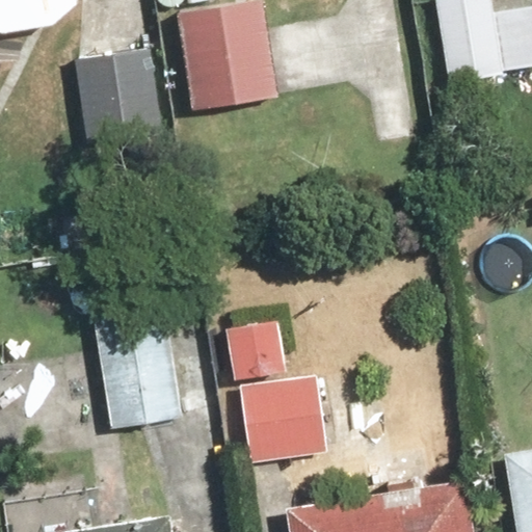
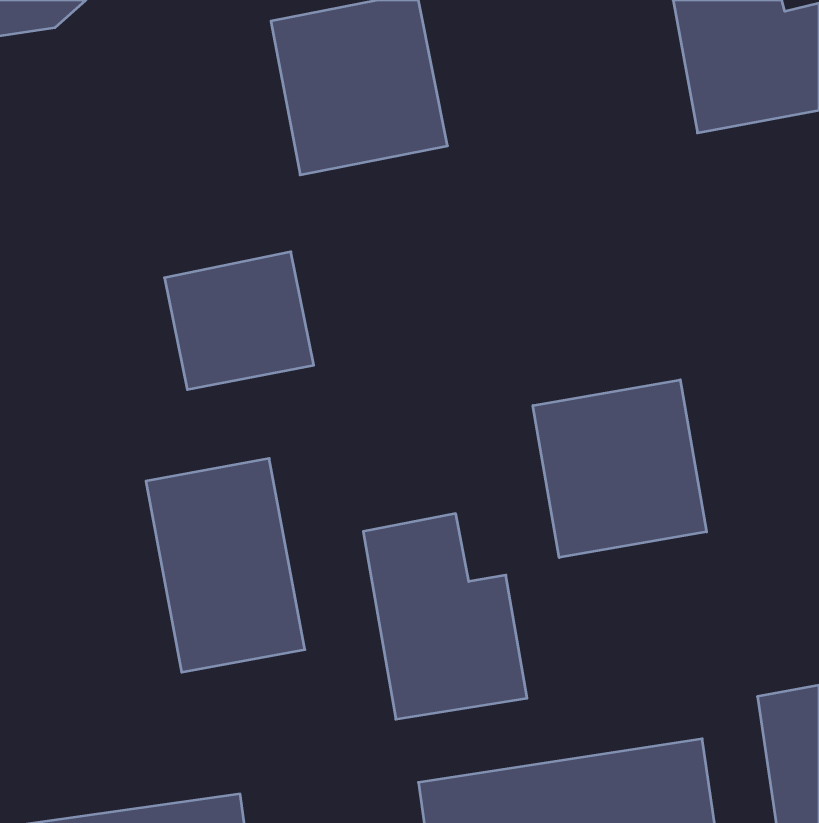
building: [73,45,168,133] -> [164,252,314,390]
building: none -> [533,380,707,558]

